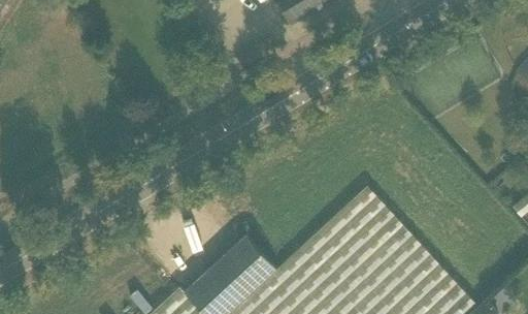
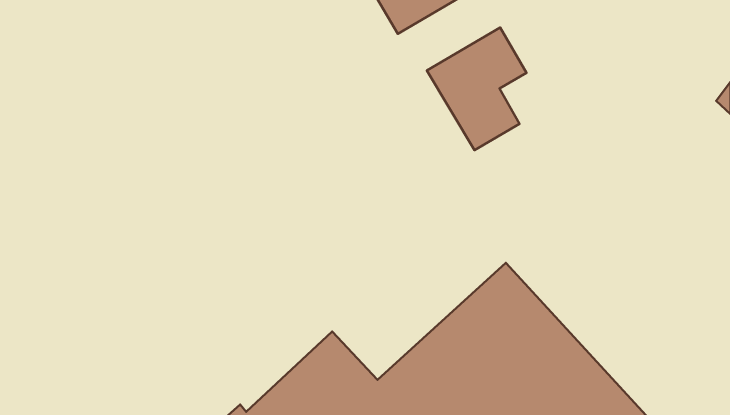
building: none -> [427,27,527,150]

